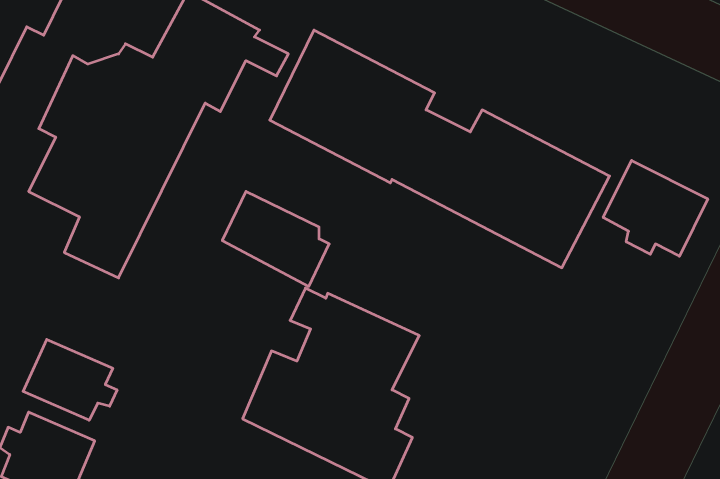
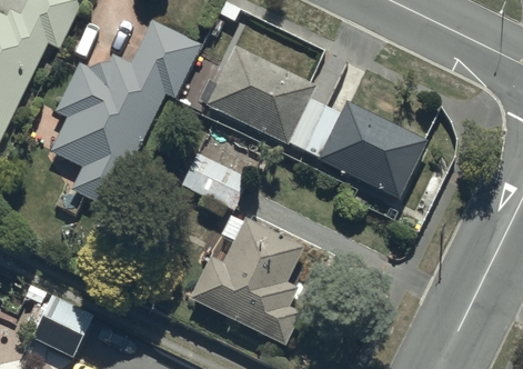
building: [603,160,708,256] -> none
building: [23,339,117,420] -> none

